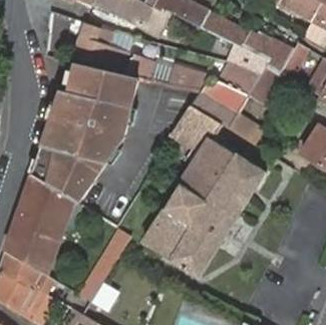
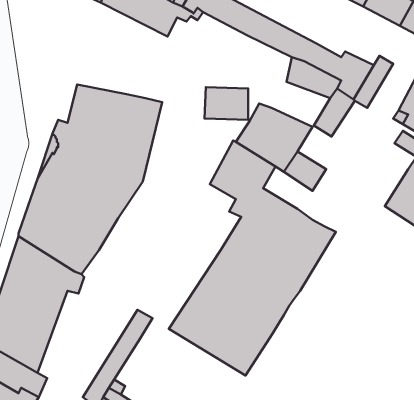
building: [70,22,152,79] -> none
building: [218,61,261,94] -> none

